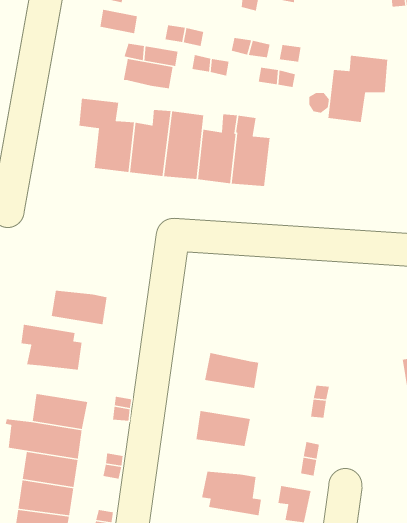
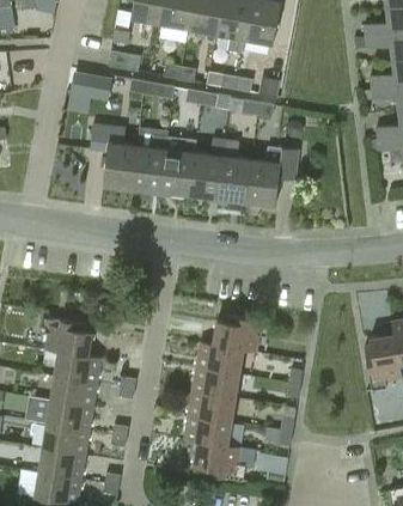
building: [328,55,388,123] -> [248,147,299,205]
building: [123,58,174,89] -> [67,72,110,98]
building: [51,290,107,325] -> [54,353,102,383]
building: none -> [213,313,269,352]
building: none -> [193,365,239,397]
building: none -> [184,415,231,444]

